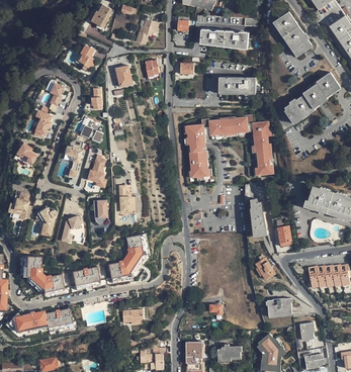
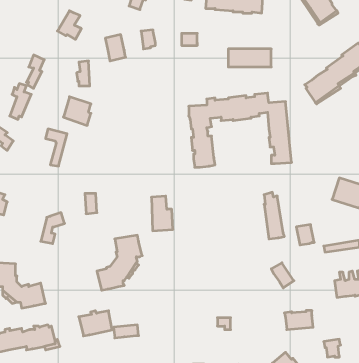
building: [89,153,107,187] -> none
building: [118,184,137,213] -> [151,196,173,231]
building: [37,206,57,236] -> none
building: [72,268,100,289] -> [79,311,112,336]

